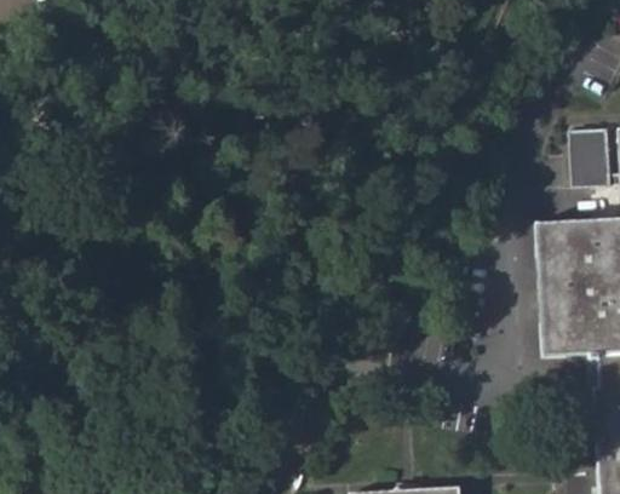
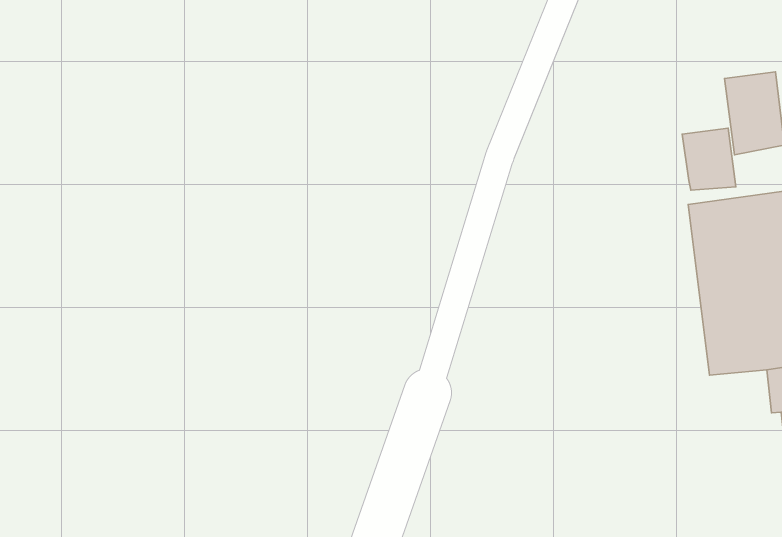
building: none -> [682,128,736,190]

